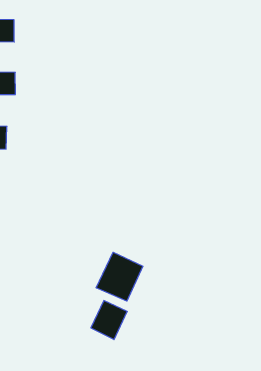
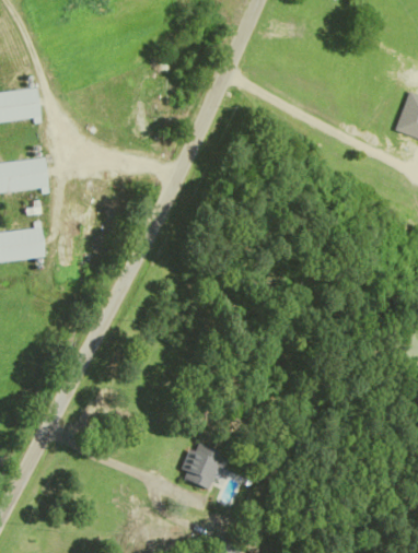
building: [96,252,143,301] -> none

